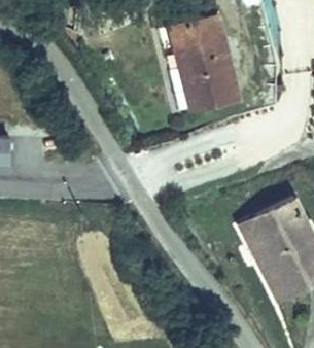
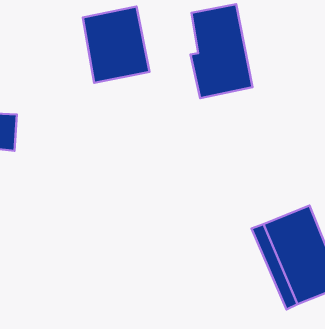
building: none -> [83,6,150,83]

